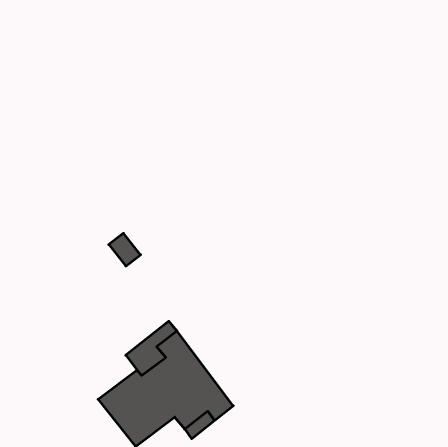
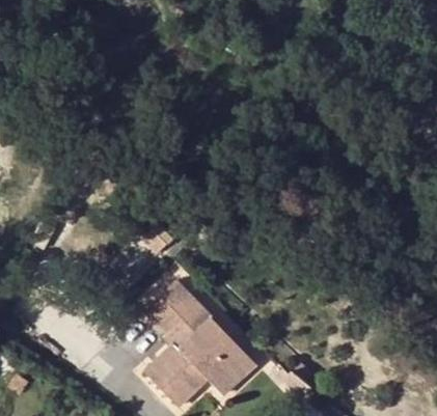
building: none -> [145,278,197,330]

